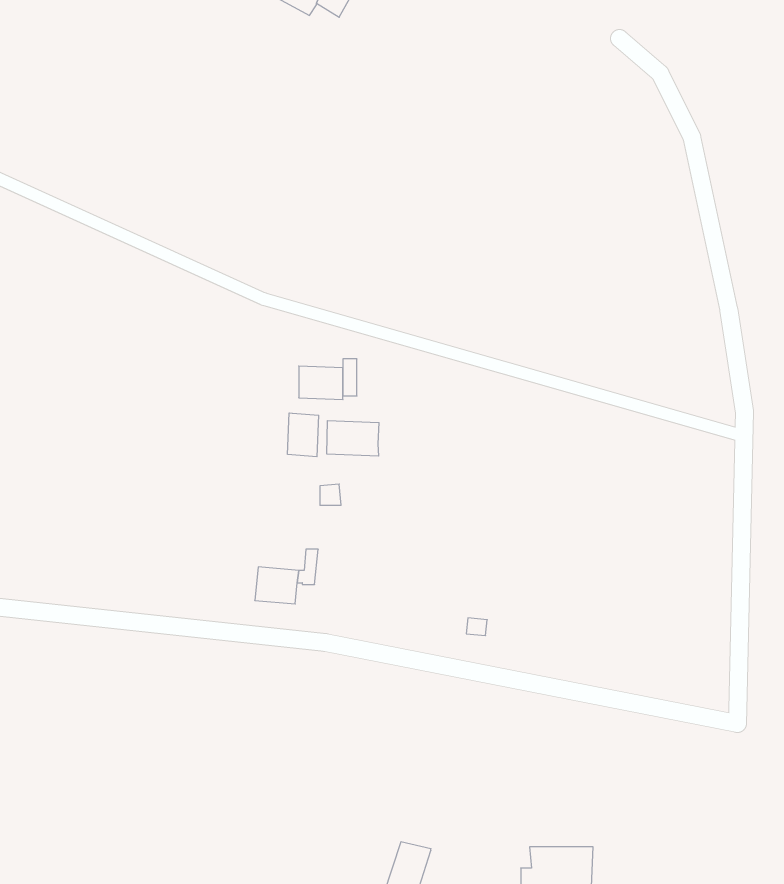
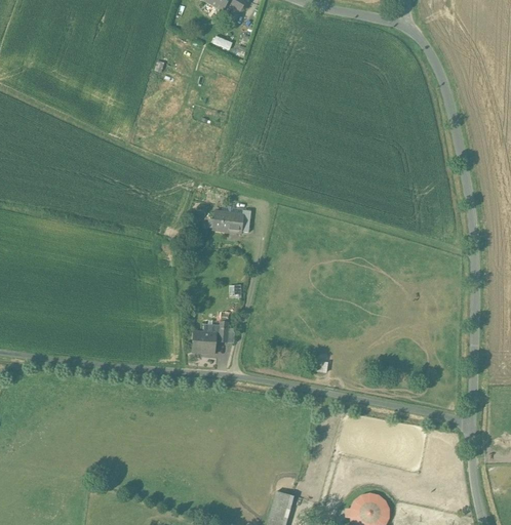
building: [288,413,319,457] -> none
building: [327,421,379,456] -> none

